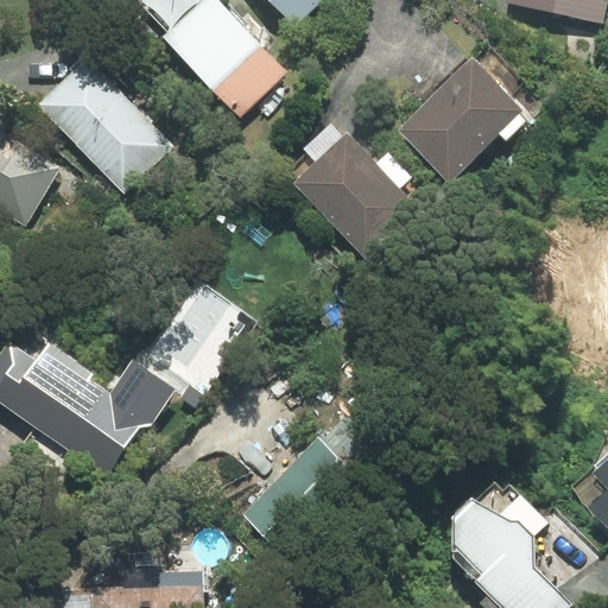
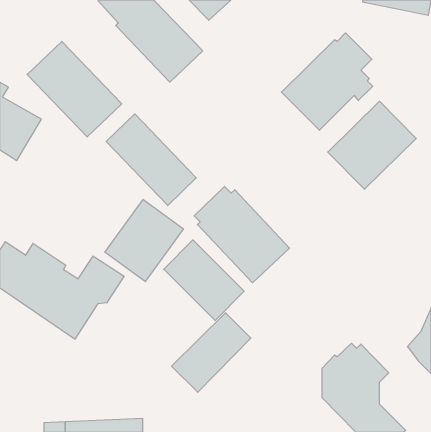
building: [290,129,424,265] -> [194,186,290,283]
building: none -> [328,101,416,189]
building: none -> [106,114,196,206]
building: none -> [164,240,244,321]

